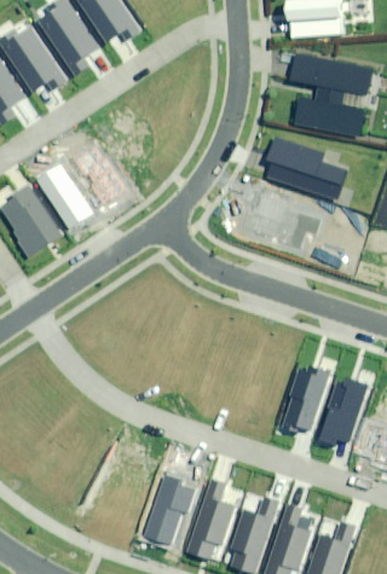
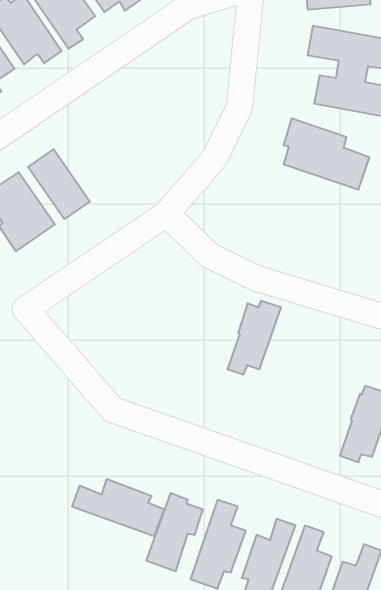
building: [281,366,329,433] -> [227,301,281,375]
building: none -> [72,479,164,536]

